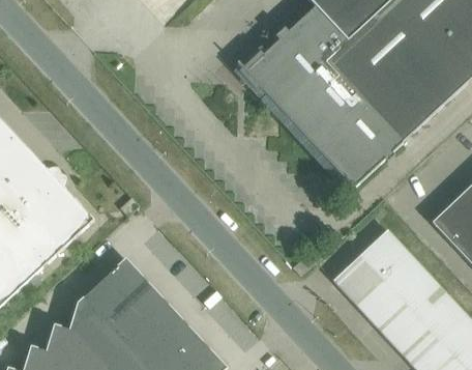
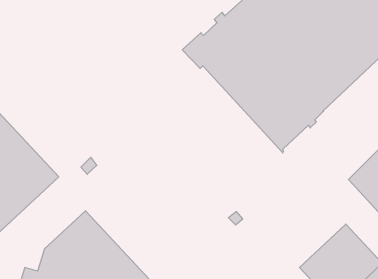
building: [333,229,429,324] -> none

